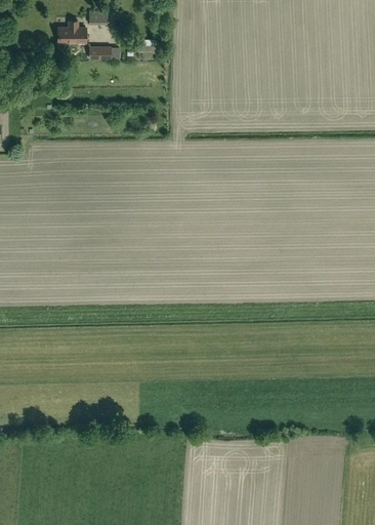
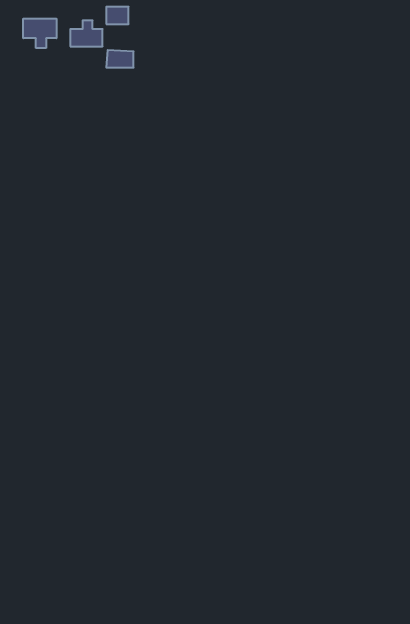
building: none -> [23,19,56,48]

